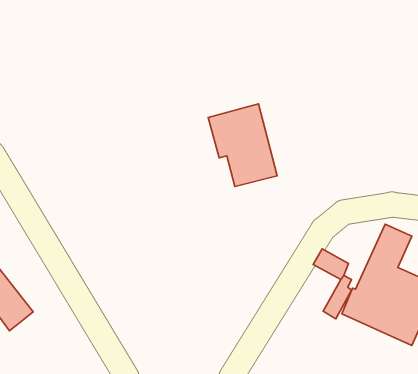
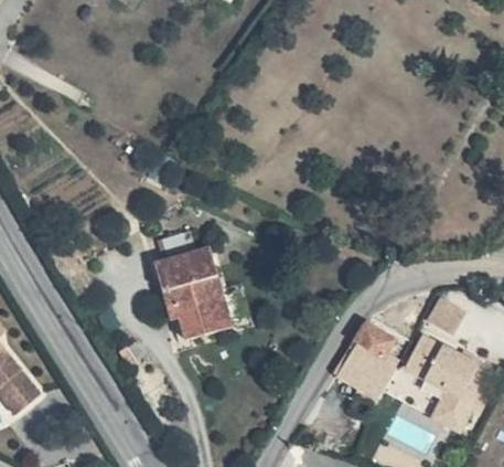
building: [208,104,277,187] -> [154,245,232,338]
building: none -> [335,340,386,392]

